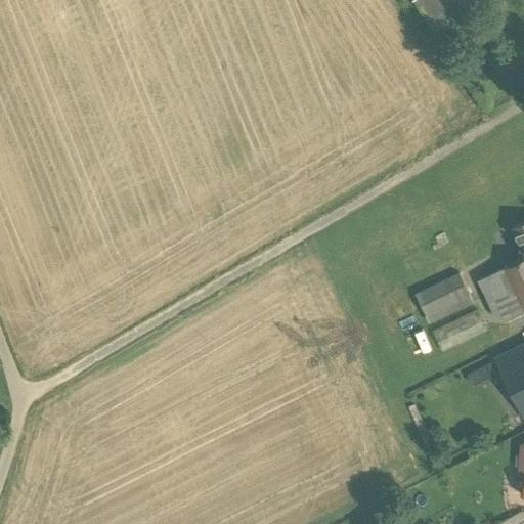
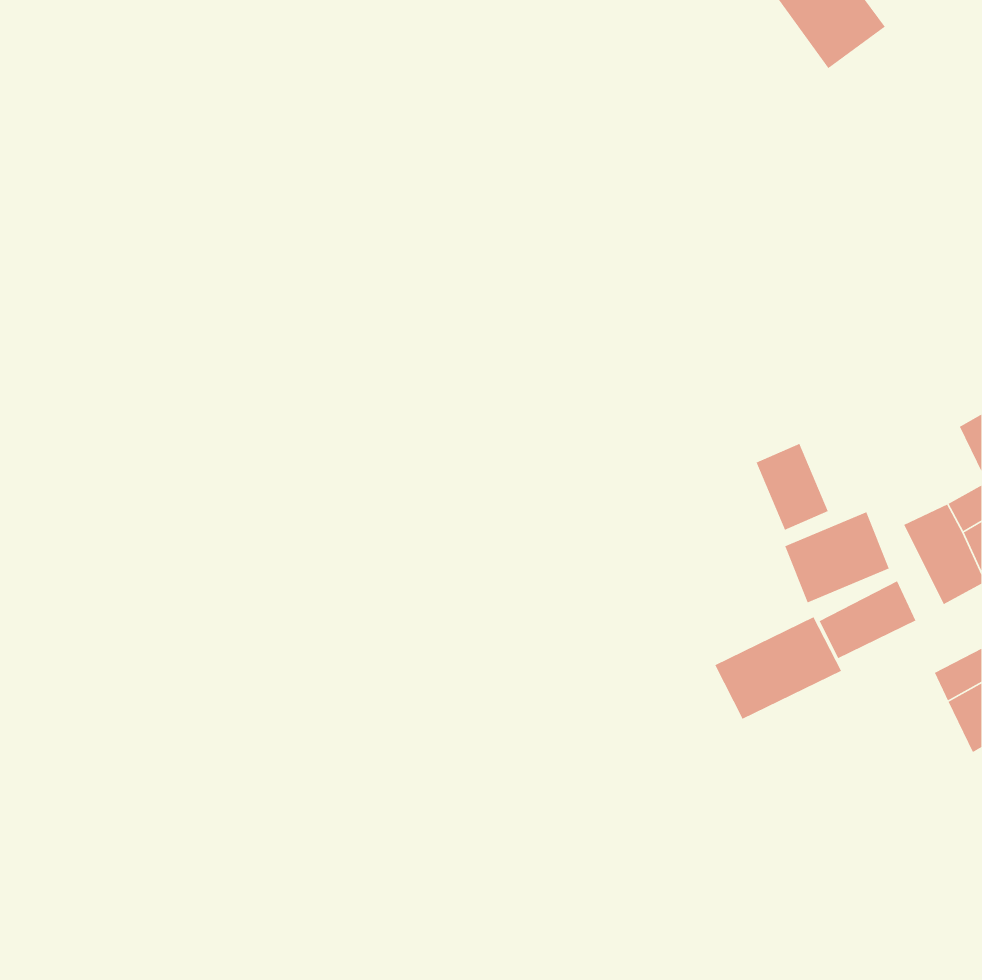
building: none -> [756,443,829,531]
building: none -> [714,616,842,720]

